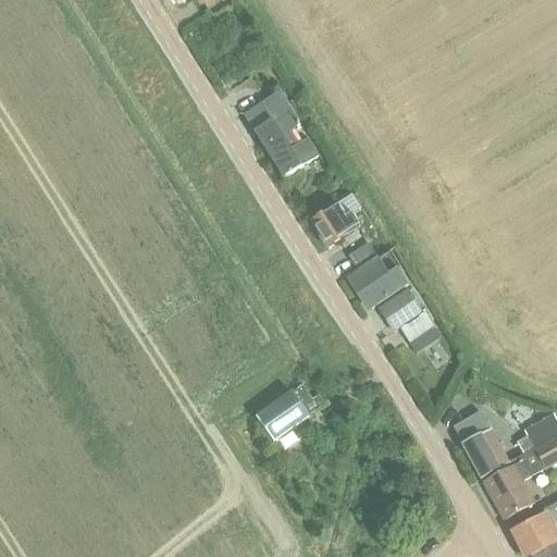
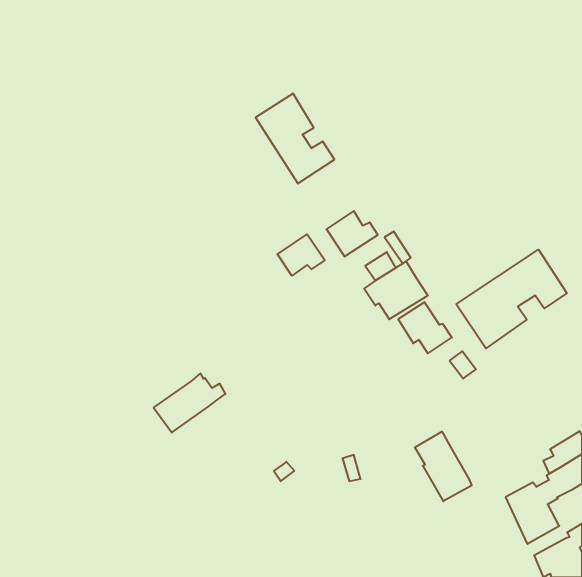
building: none -> [277,234,325,276]
building: none -> [456,250,567,348]
building: [257,382,325,438] -> [154,373,226,433]
building: [454,409,508,475] -> [415,432,472,501]

